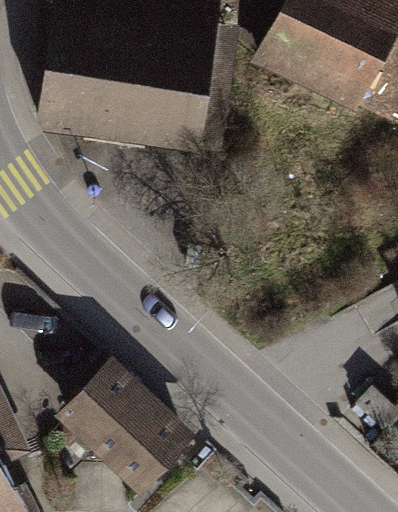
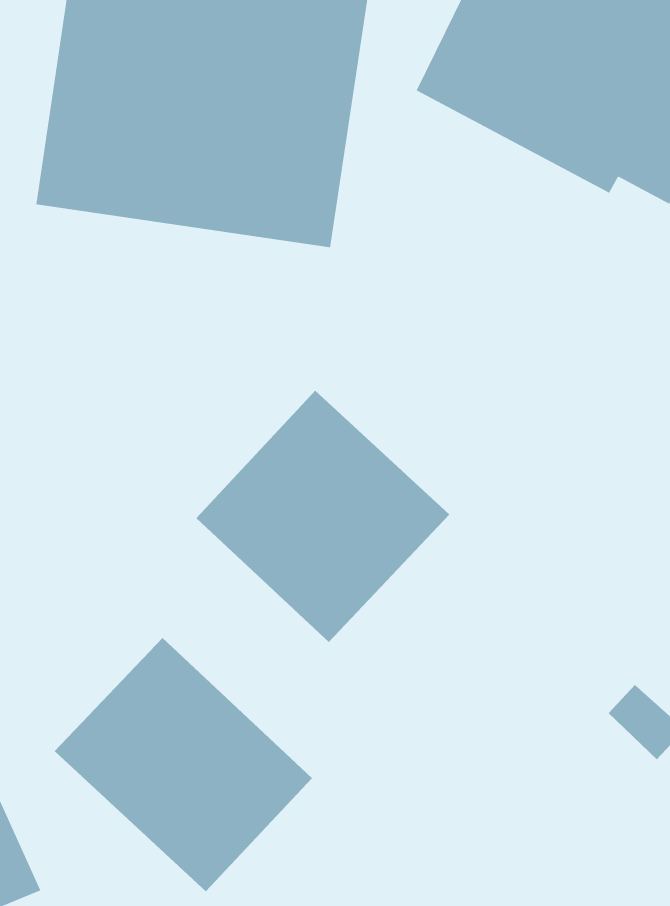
building: none -> [196,390,450,643]

